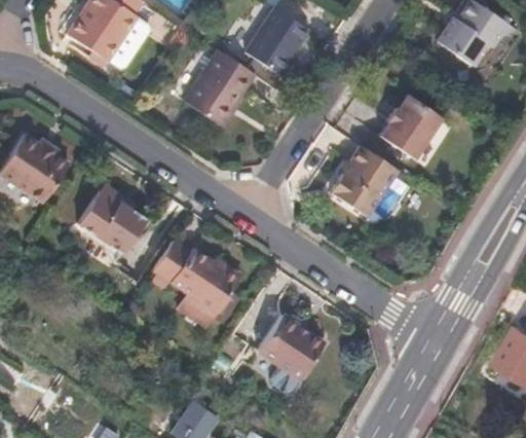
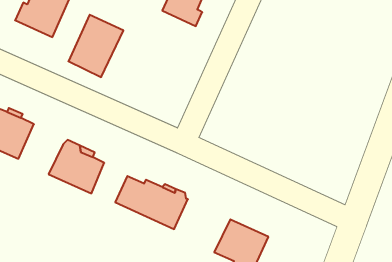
building: [184,47,256,124] -> [68,15,123,77]
building: [376,93,439,157] -> none
building: [328,143,398,217] -> none

